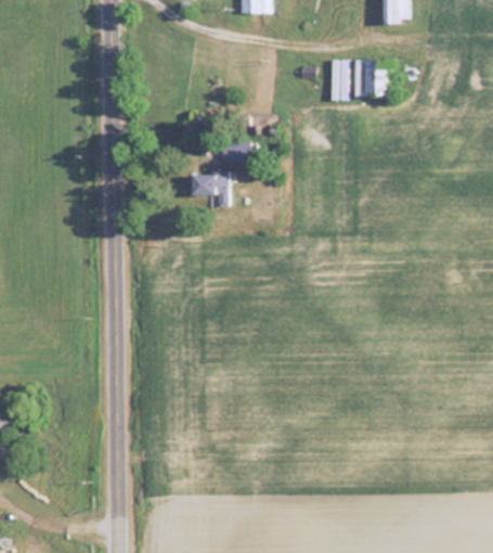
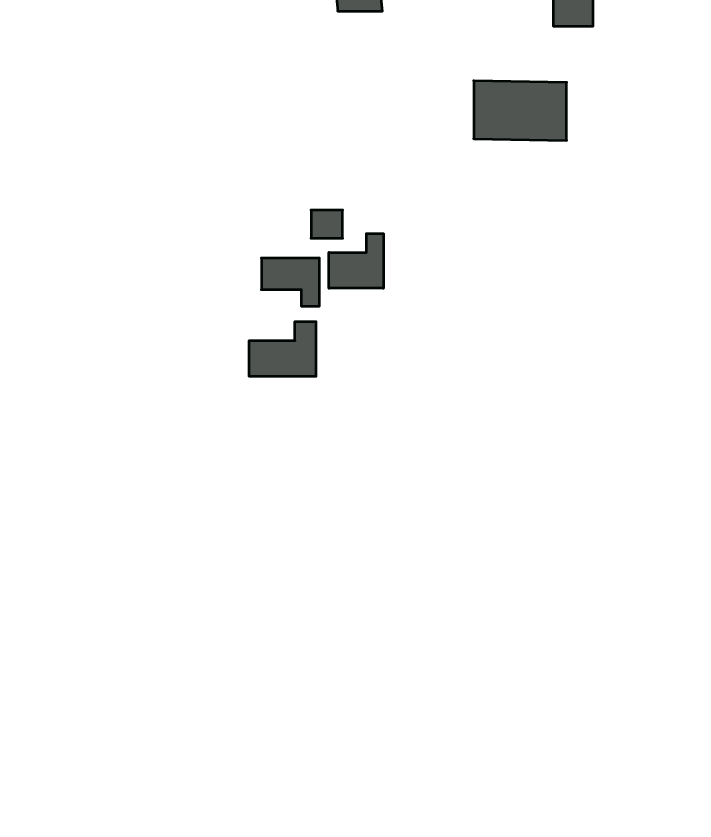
building: none -> [329,234,383,288]
building: none -> [249,322,316,376]

